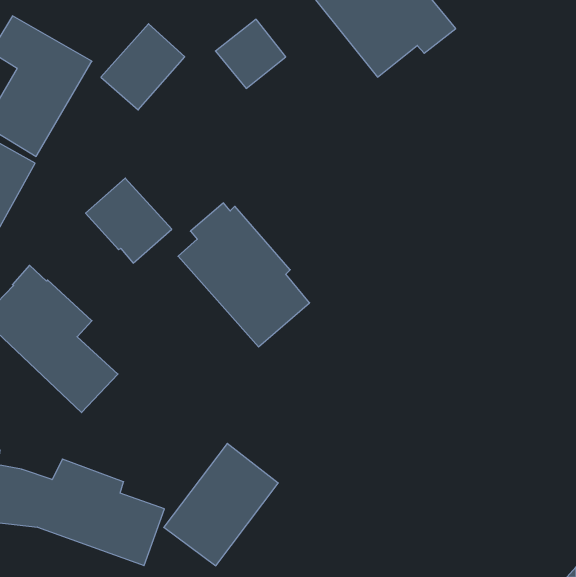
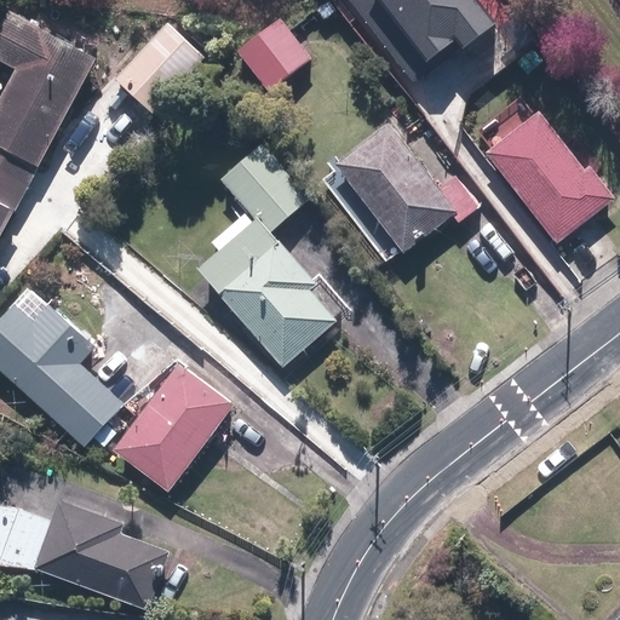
building: none -> [478,114,608,247]
building: none -> [327,126,475,257]
building: [86,178,172,263] -> [213,145,305,236]
building: [164,443,278,566] -> [119,354,241,484]

